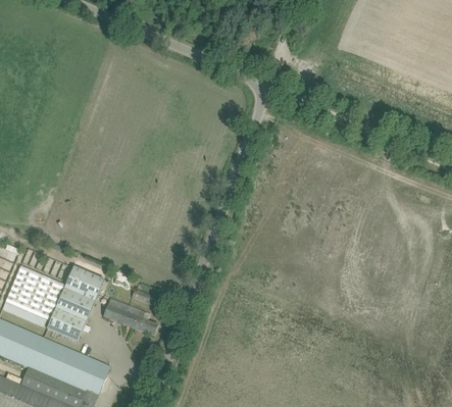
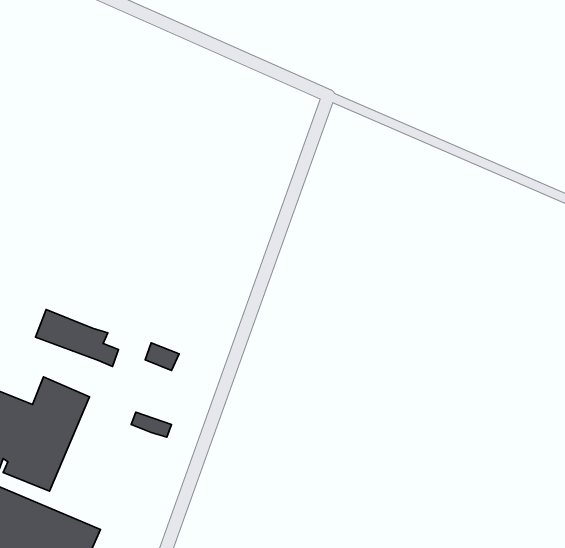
building: [102,299,157,337] -> [35,310,119,367]

